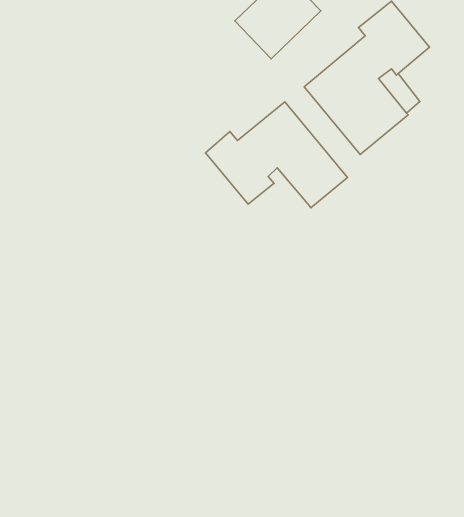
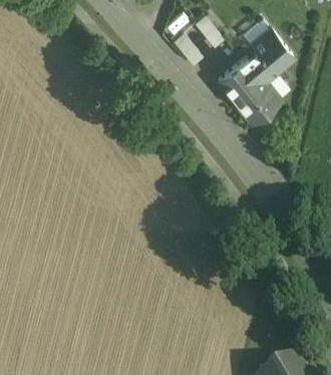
building: [205,102,348,208] -> none

